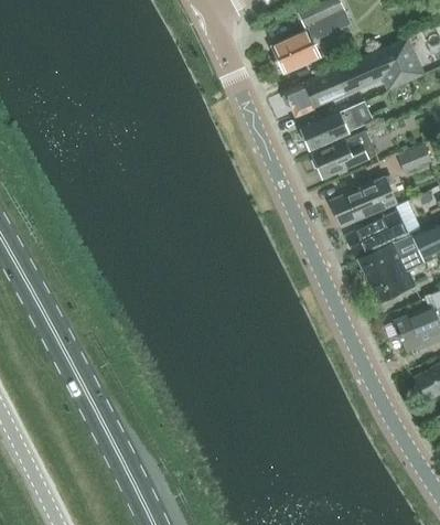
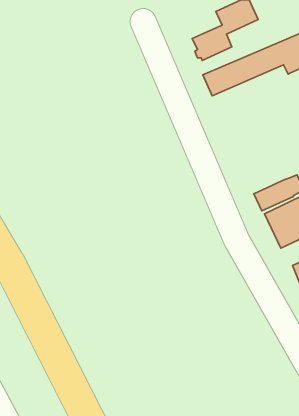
building: [303,103,375,150] -> none
building: [313,130,378,179] -> none
building: [332,178,397,227] -> none

